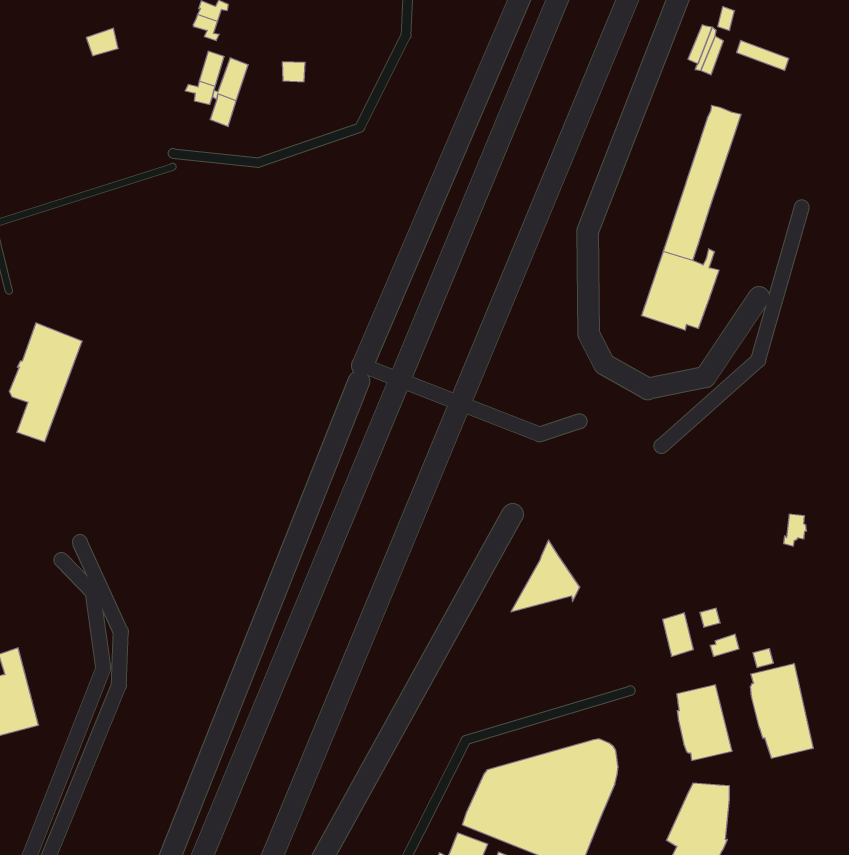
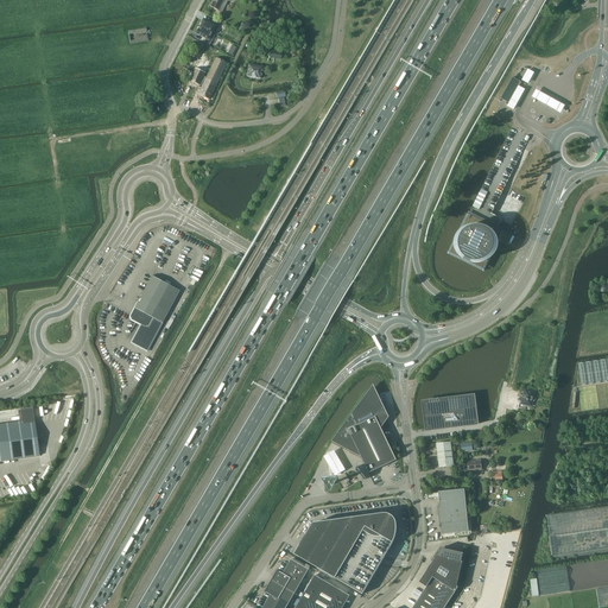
building: [9,323,82,442] -> [129,274,179,349]
building: none -> [422,393,479,430]
building: none -> [332,420,397,471]
building: [751,663,813,758] -> none

